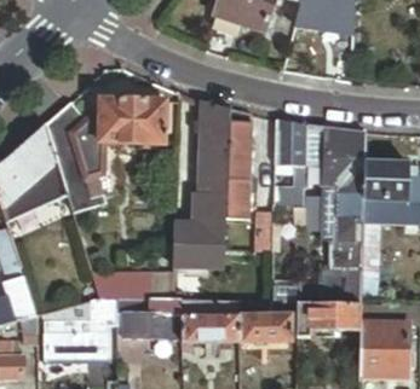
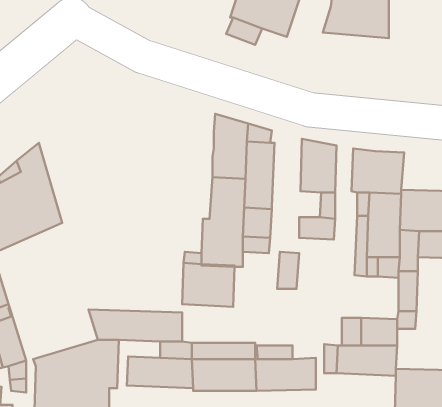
building: [46,97,168,215] -> none

